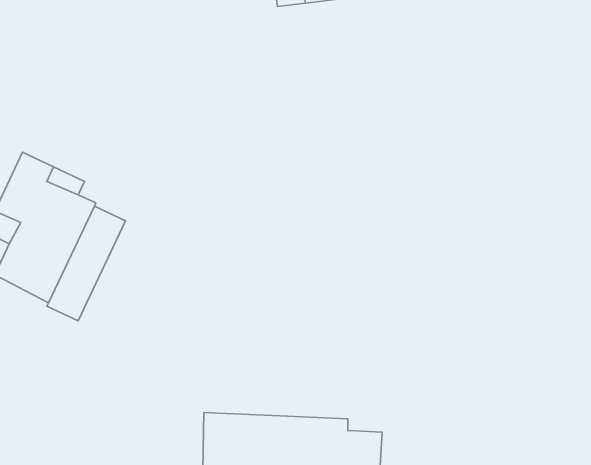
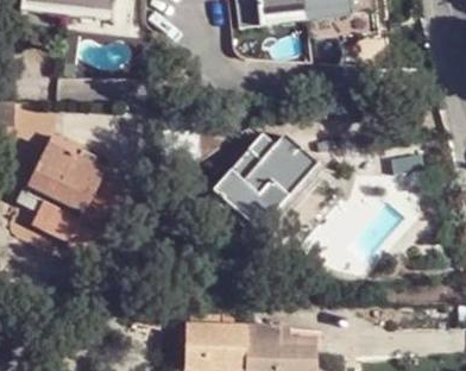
building: none -> [210,133,317,229]

